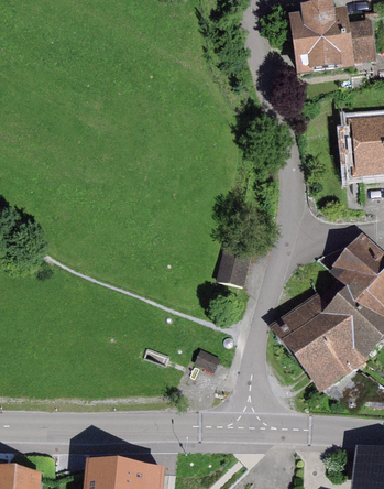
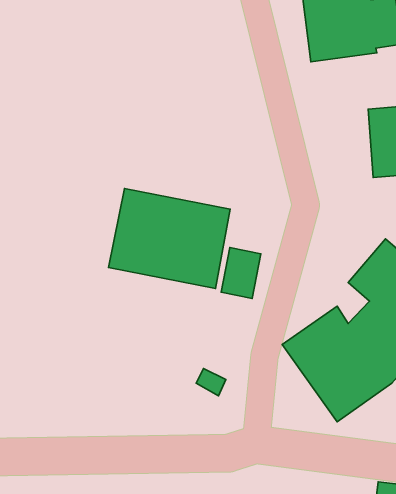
building: none -> [108,188,230,288]

